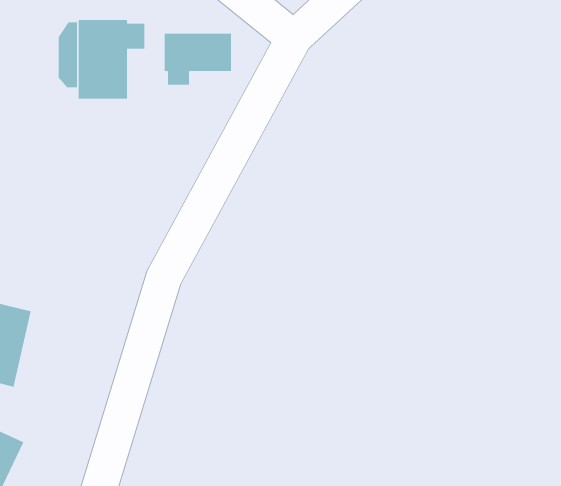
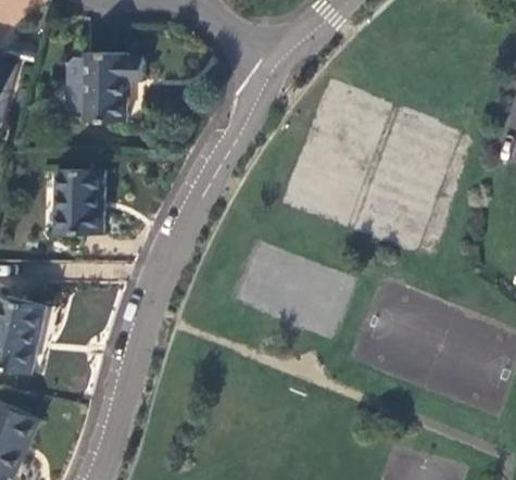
building: [164,33,232,86] -> none
building: none -> [56,170,103,233]

